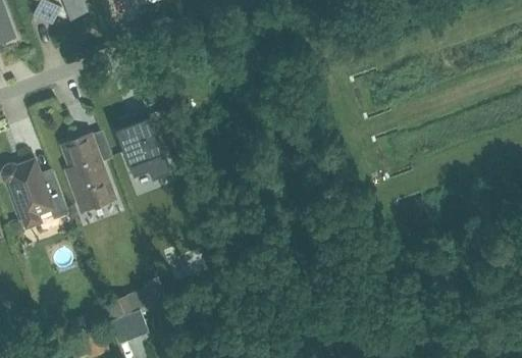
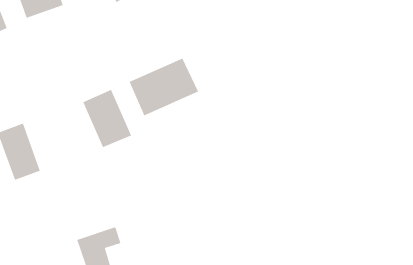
building: none -> [128,57,199,117]
building: [57,130,115,210] -> none

